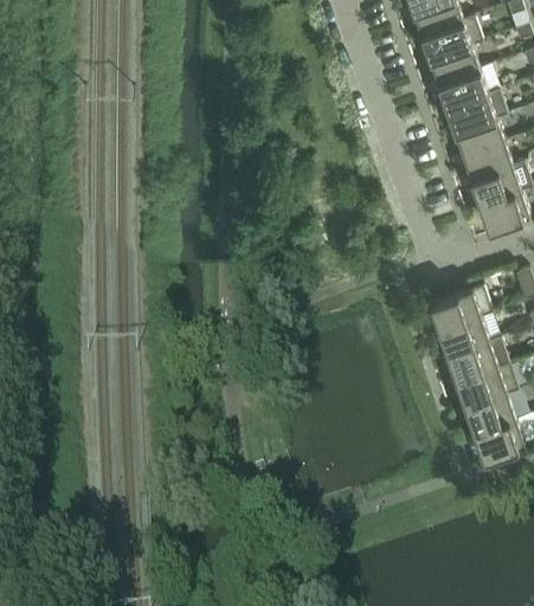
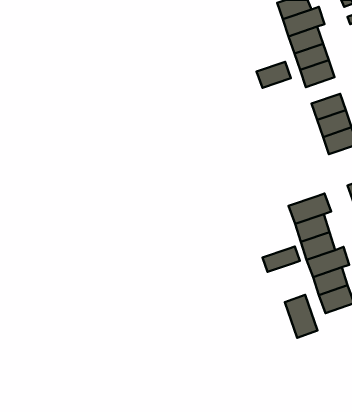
building: [455,117,504,155] -> [257,62,291,88]
building: none -> [263,246,300,272]
building: none -> [285,295,317,338]

